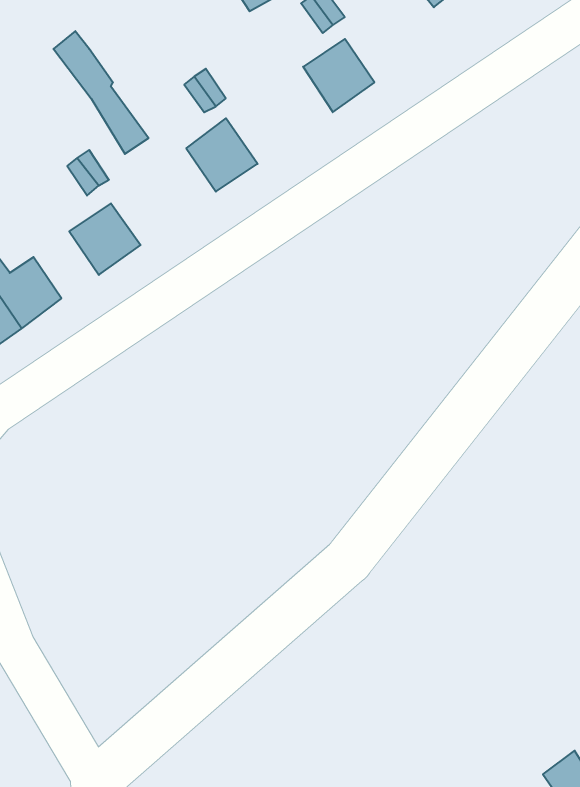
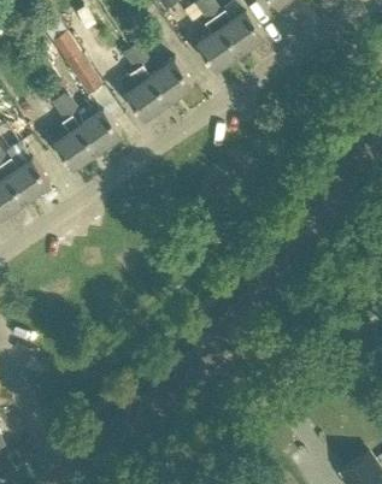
building: none -> [221,8,264,53]
building: none -> [148,58,193,102]
building: none -> [78,108,121,152]

